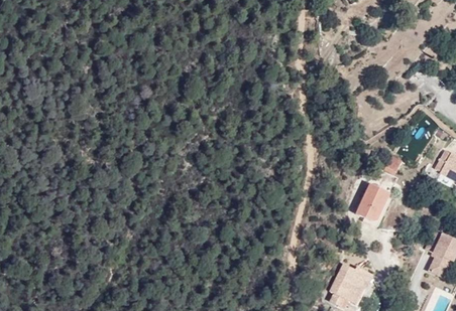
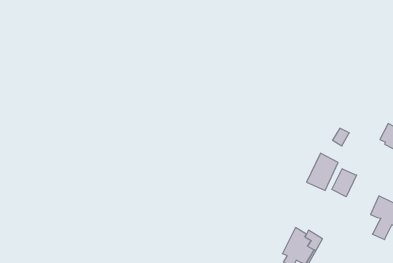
building: none -> [332,169,357,197]

